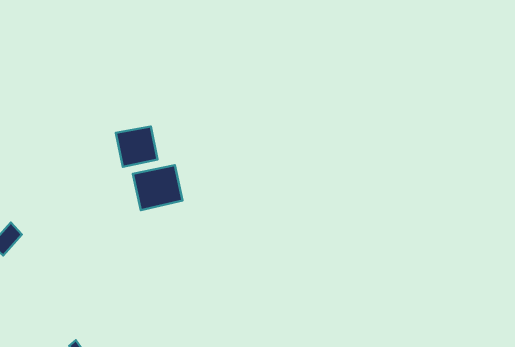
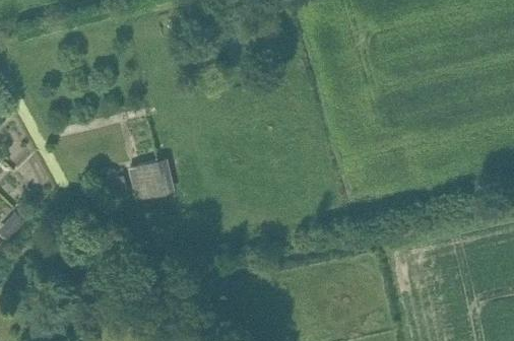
building: [116,126,157,167] -> none

